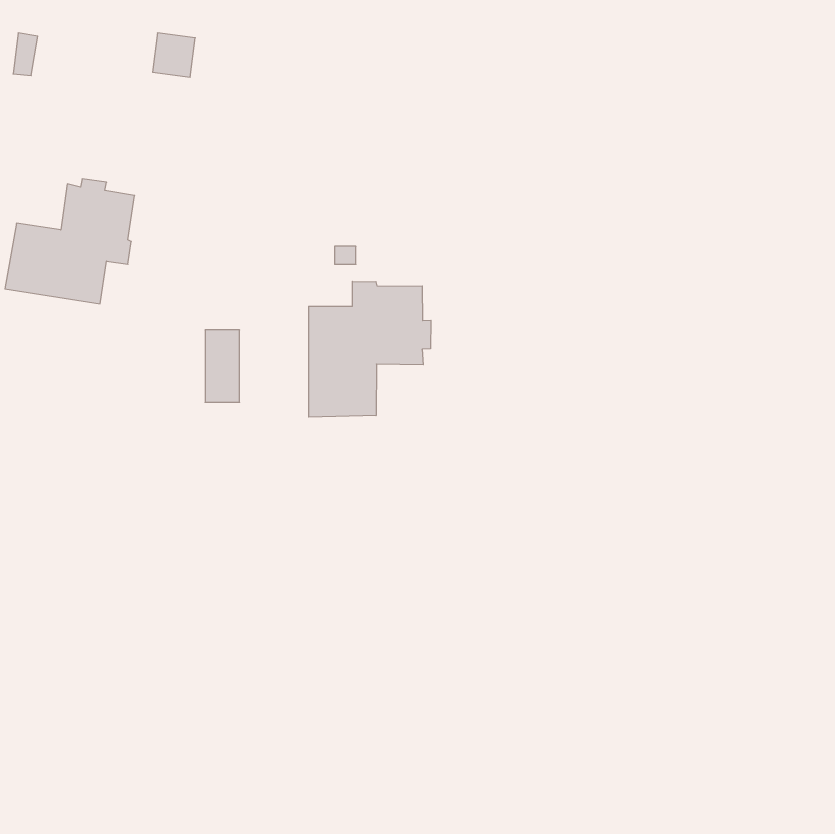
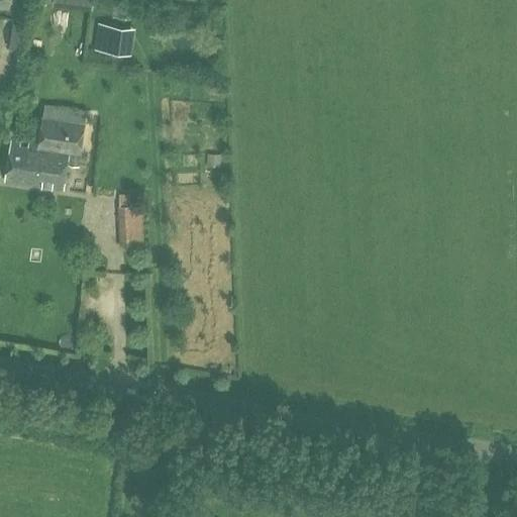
building: [309,281,431,417] -> none

